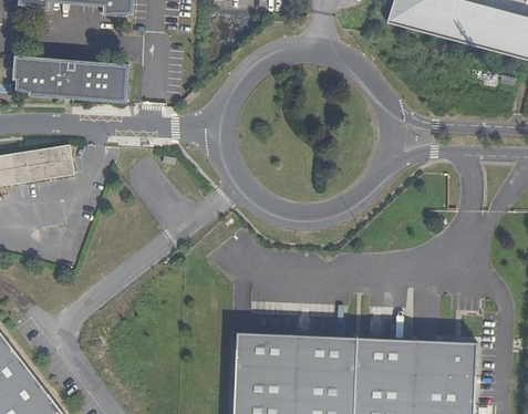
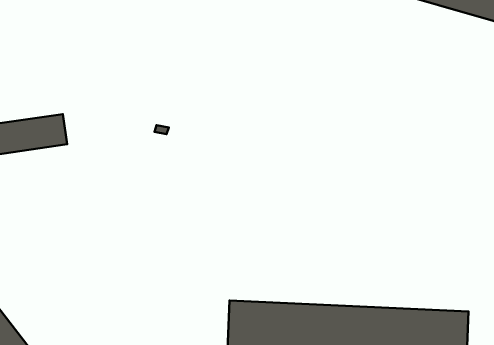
building: [11,55,128,104] -> none

